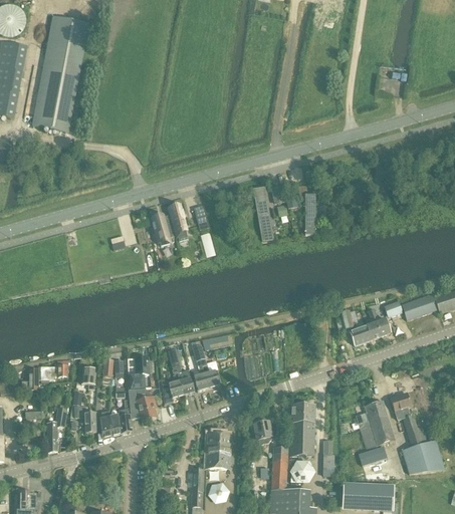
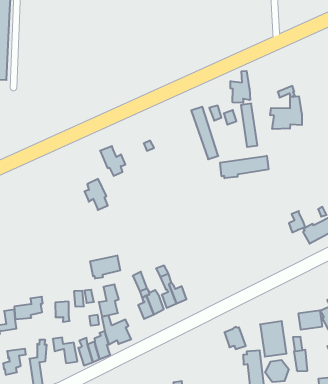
building: none -> [230,71,250,103]
building: none -> [270,96,302,129]
building: [165,204,187,236] -> [84,179,108,210]
building: none -> [220,156,268,178]
building: none -> [90,255,120,279]
building: [291,404,314,421] -> [298,310,322,330]
building: [206,432,230,468] -> none

